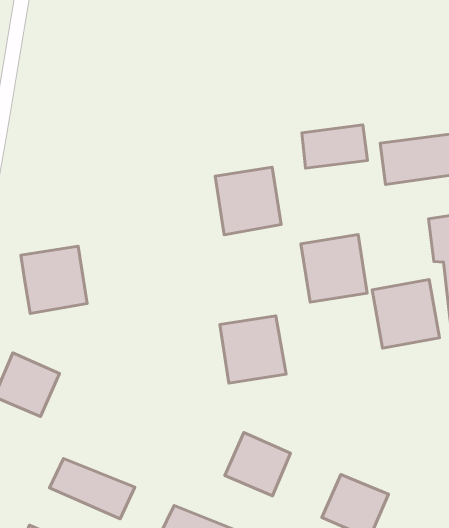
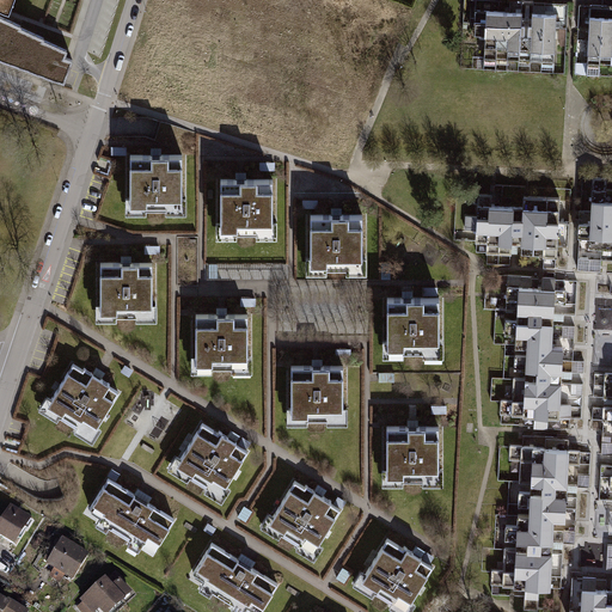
building: [302,125,367,168] -> none
building: none -> [124,155,185,216]
building: none -> [214,180,274,243]
building: [372,280,439,348] -> [381,426,442,488]
building: none -> [190,314,251,375]
building: none -> [173,422,244,491]

